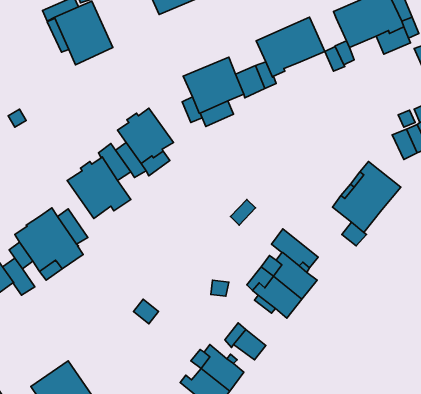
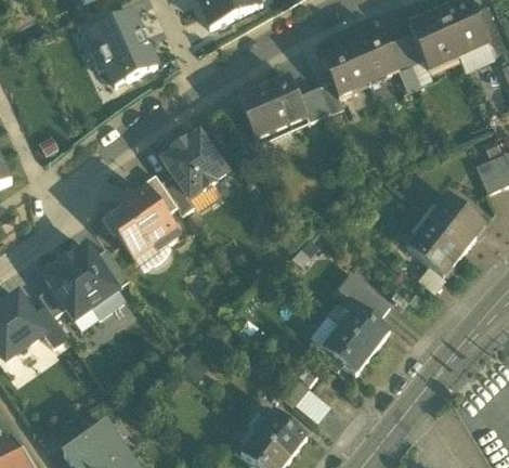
building: none -> [387,31,423,69]

